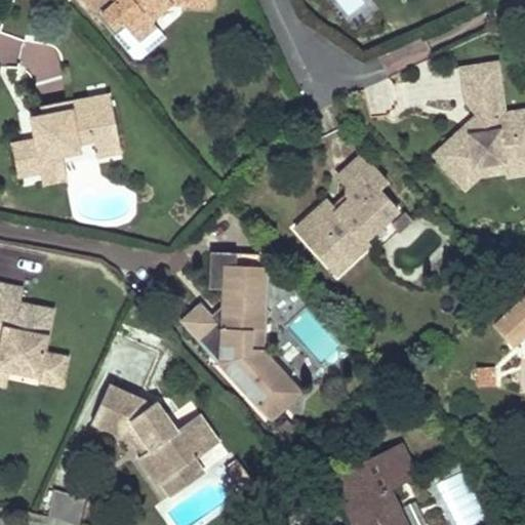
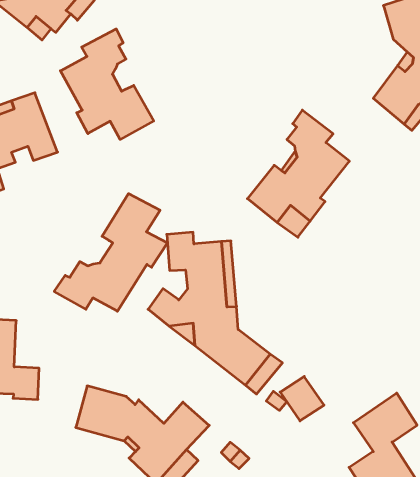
building: none -> [60,29,154,139]
building: none -> [54,194,167,311]
building: [334,461,374,503] -> [280,376,324,421]

